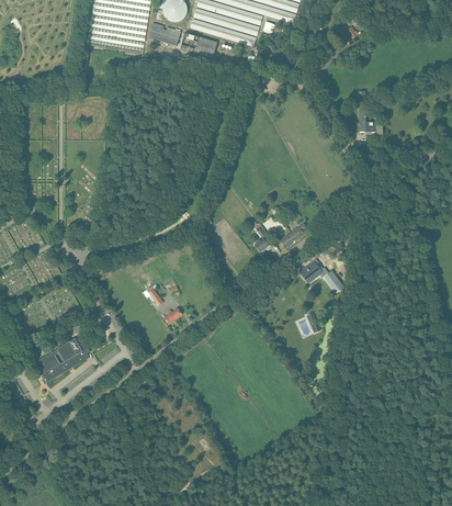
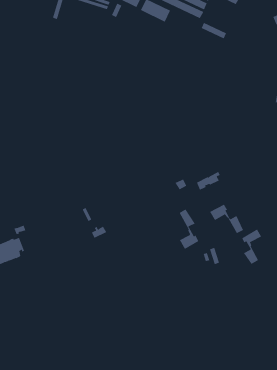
building: none -> [179,208,199,250]
building: none -> [242,229,262,265]

